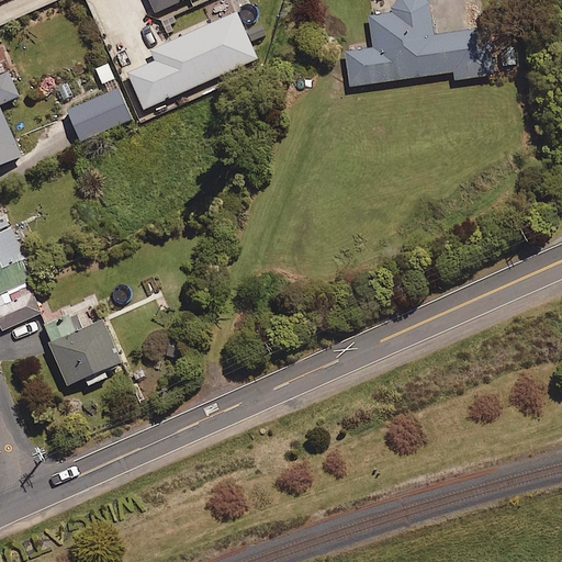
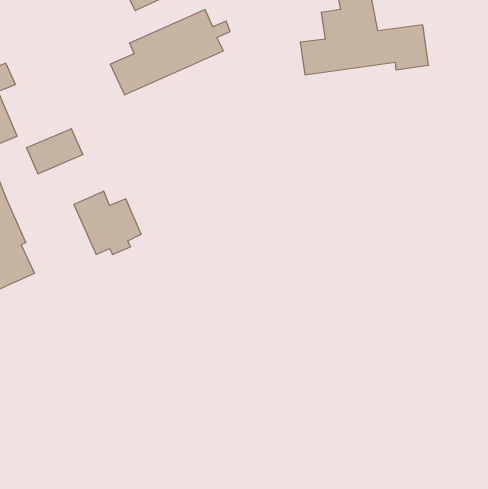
building: [66,89,131,140] -> [26,129,83,174]
building: [42,313,119,385] -> [74,191,141,254]

